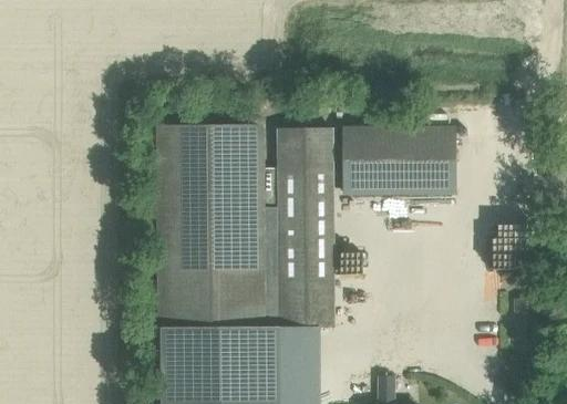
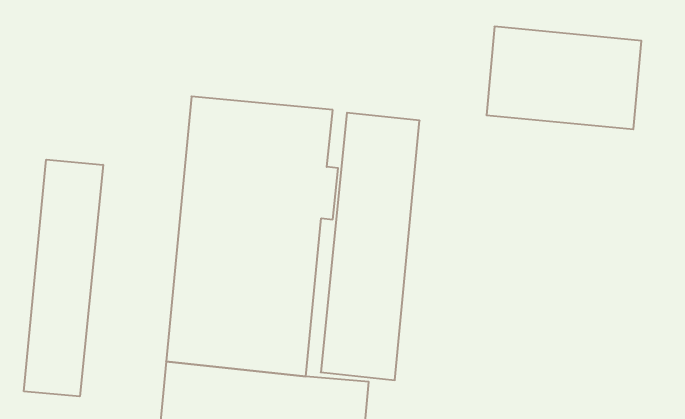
building: [342,126,457,196] -> [486,27,641,129]
building: none -> [24,160,103,396]

